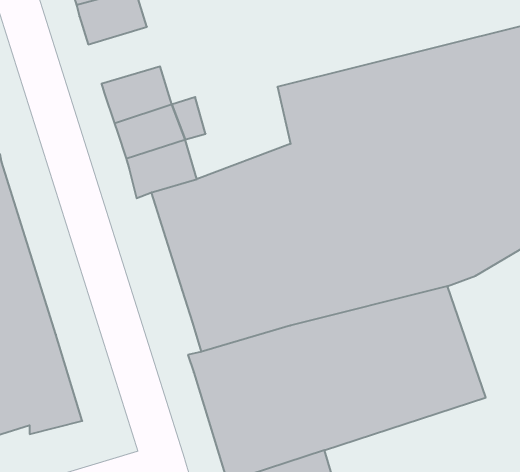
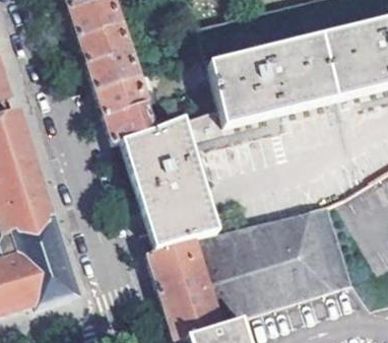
building: none -> [77,23,127,63]

